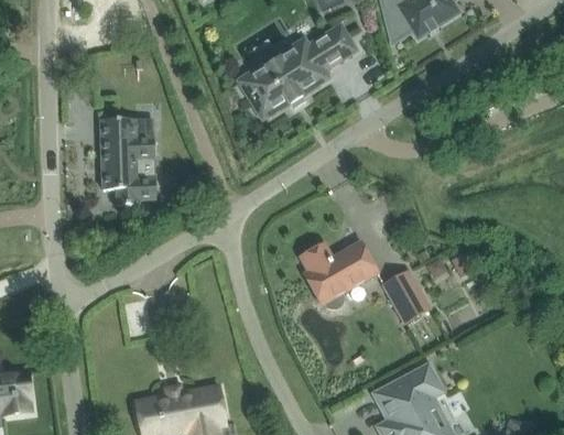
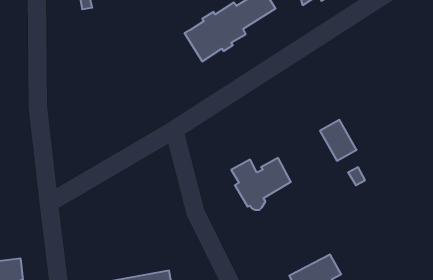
building: [100,118,155,204] -> none
building: [382,269,430,322] -> [320,120,357,161]

